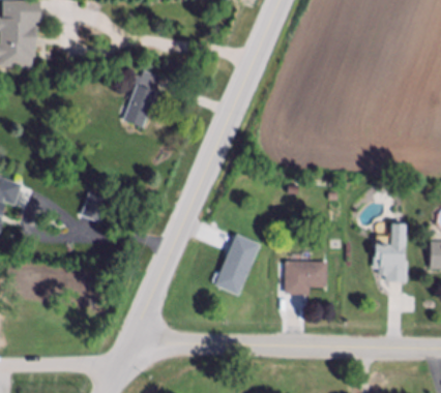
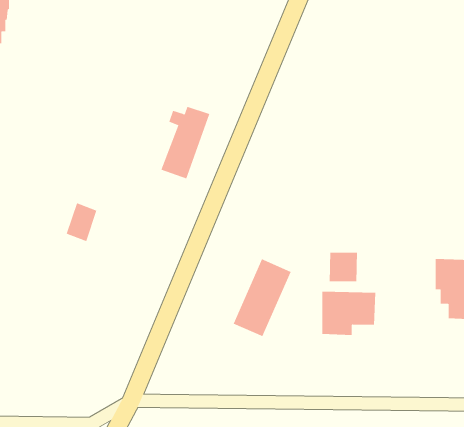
building: [123,70,163,128] -> [161,106,210,179]
building: none -> [329,252,357,282]

